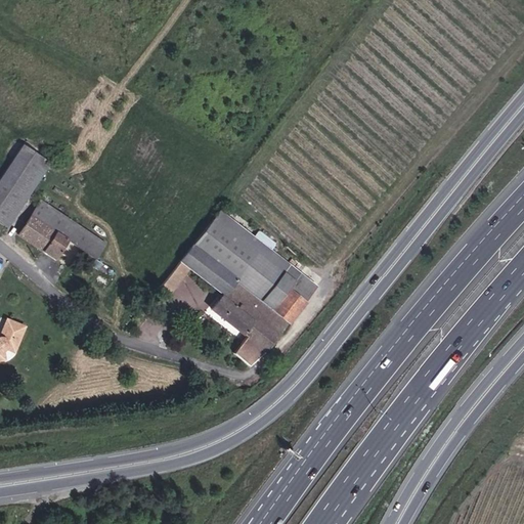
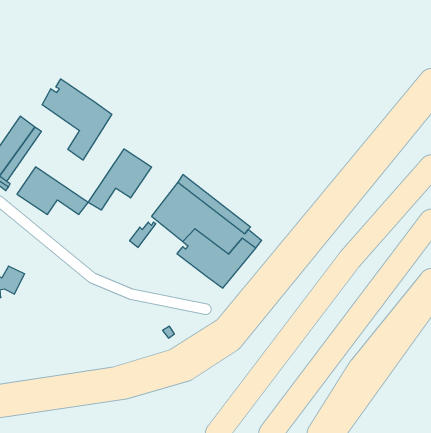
building: none -> [42,79,112,160]
building: none -> [88,149,152,210]
building: [234,334,269,363] -> none

